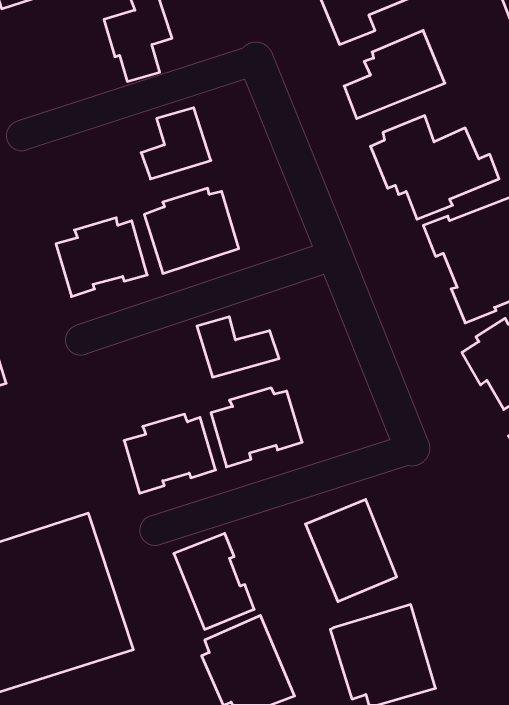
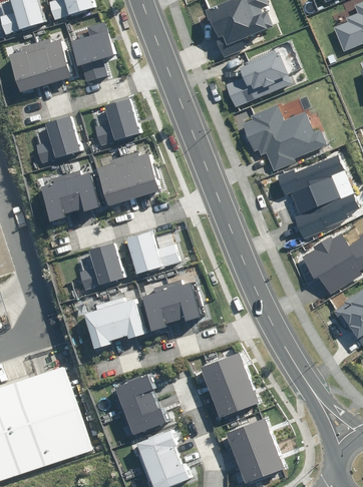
building: none -> [9,39,71,92]
building: none -> [35,116,80,163]
building: none -> [81,243,126,291]

